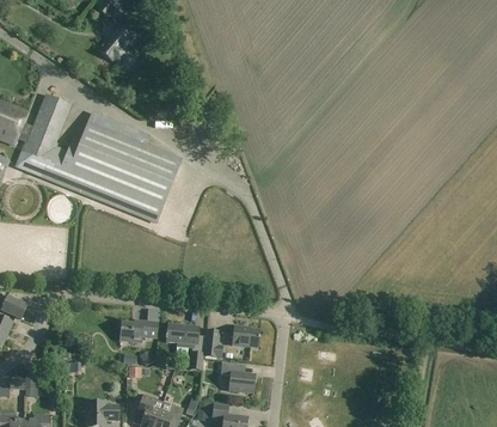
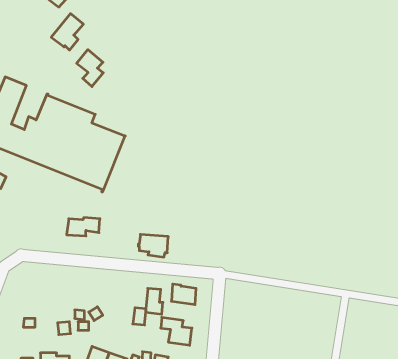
building: none -> [77,50,103,87]
building: [119,321,157,341] -> [67,218,100,236]
building: [165,323,198,348] -> [138,234,168,257]

